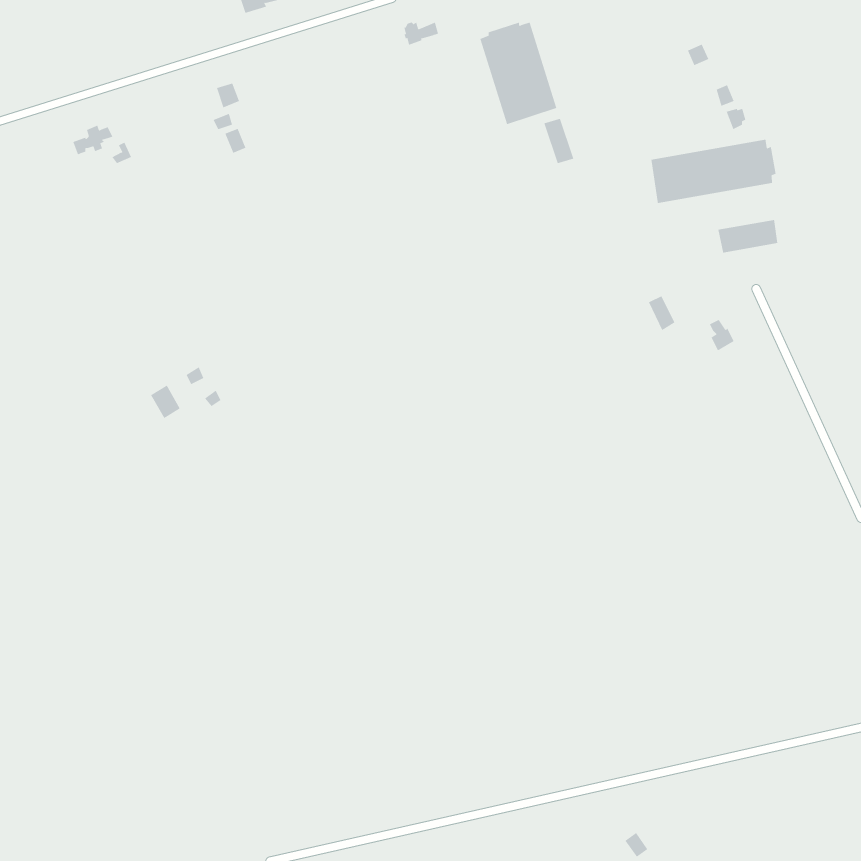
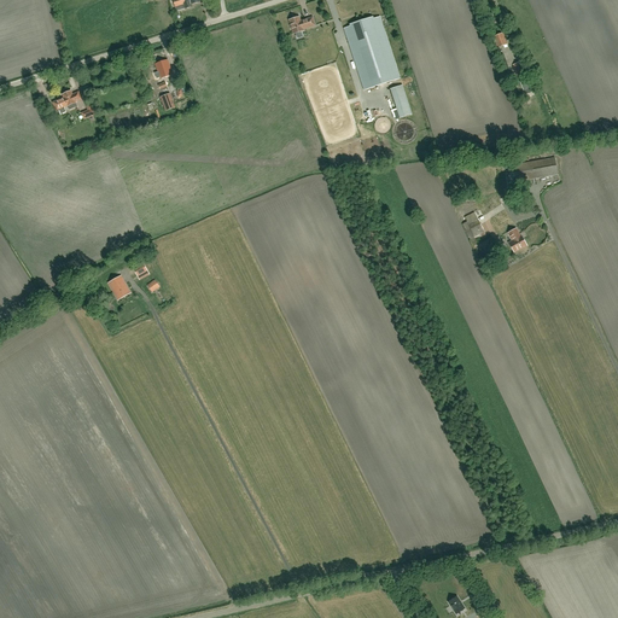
building: [651,139,776,204] -> none

